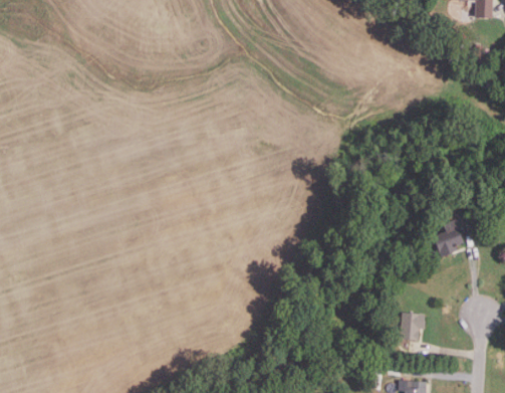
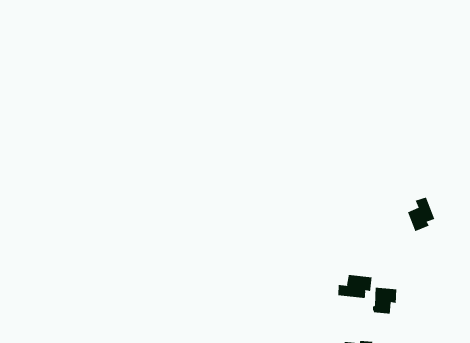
building: none -> [338,274,372,299]

